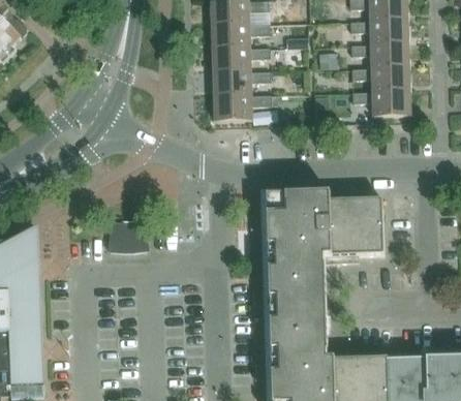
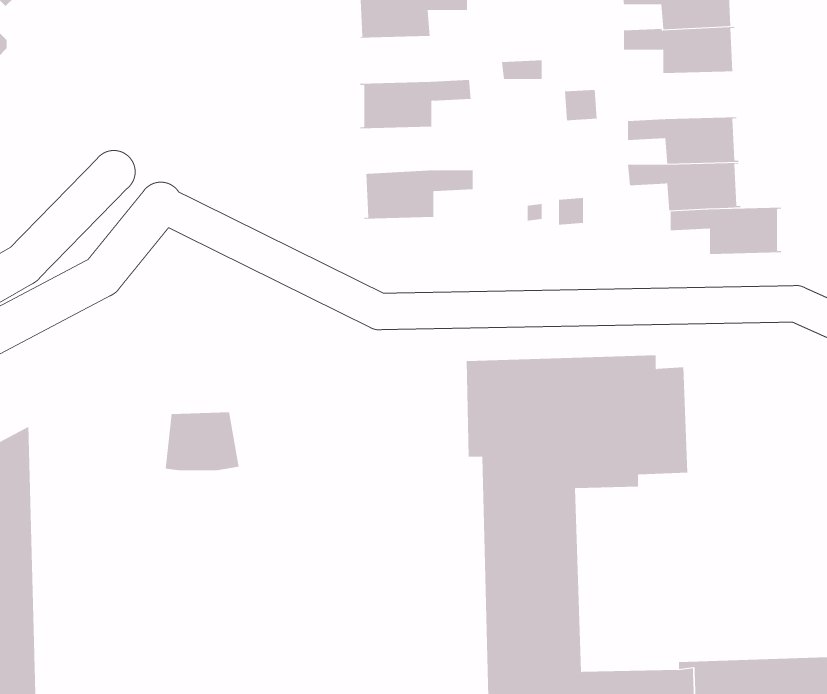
building: [209,24,268,50] -> none
building: [349,43,408,68] -> [670,207,782,254]
building: [210,71,269,97] -> none

